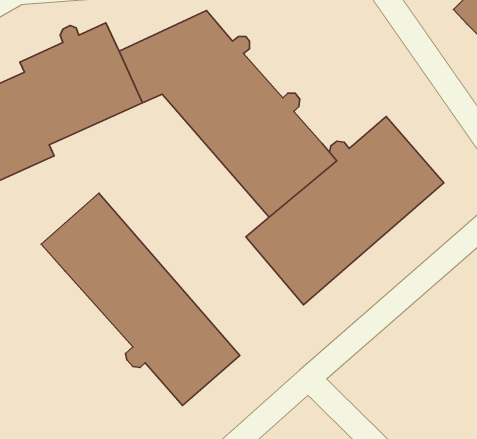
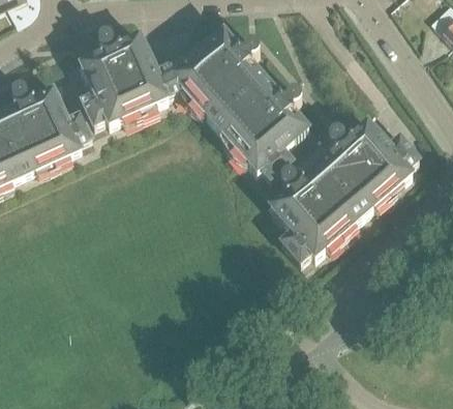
building: [41,193,240,405] -> none

